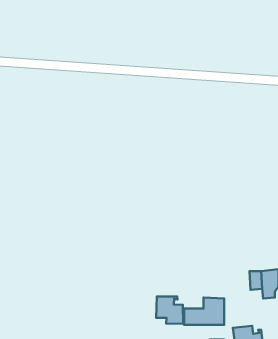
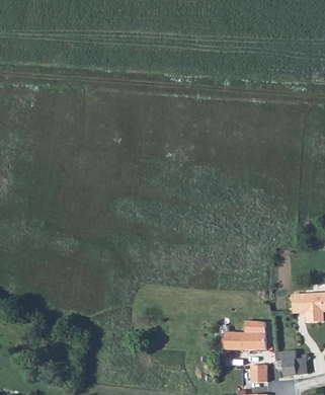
building: [156,297,183,324] -> none

